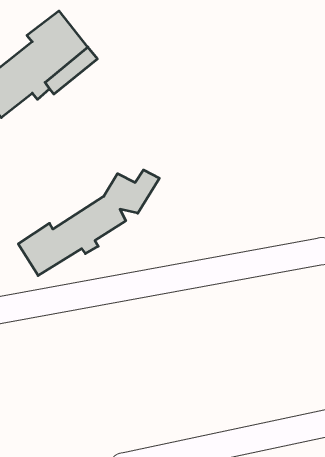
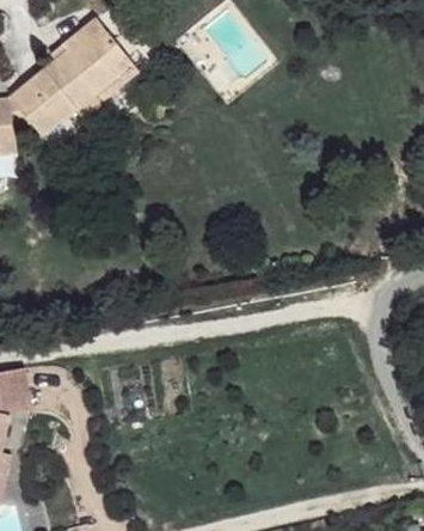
building: [18,170,159,276] -> none

